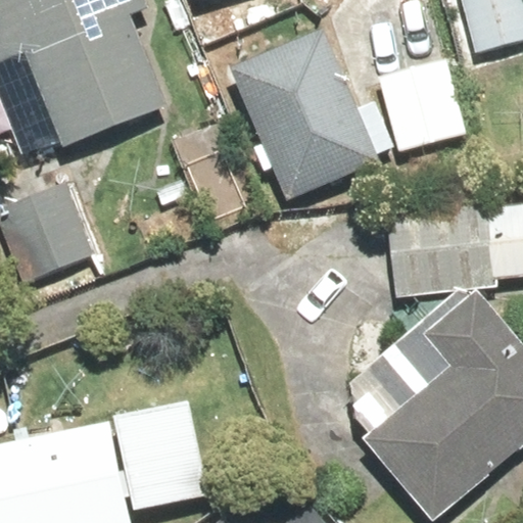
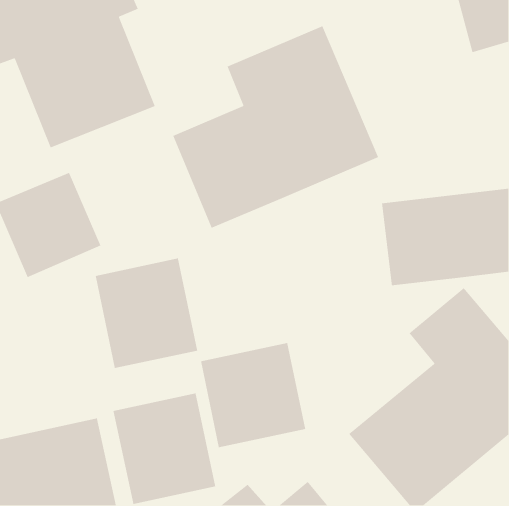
building: [379,54,475,155] -> none
building: none -> [95,258,198,369]
building: none -> [200,342,306,448]

